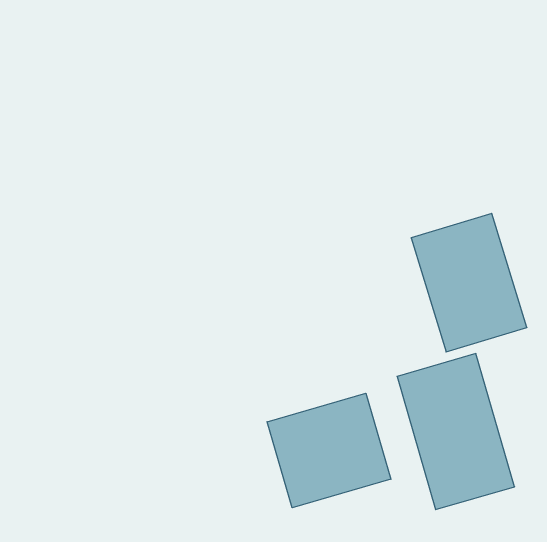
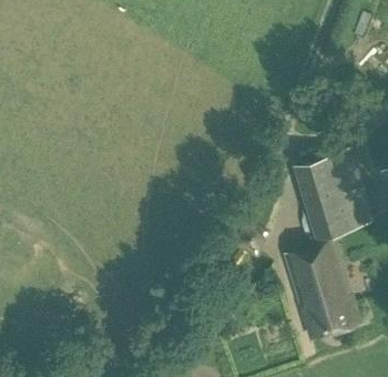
building: [267,393,391,508] -> none

